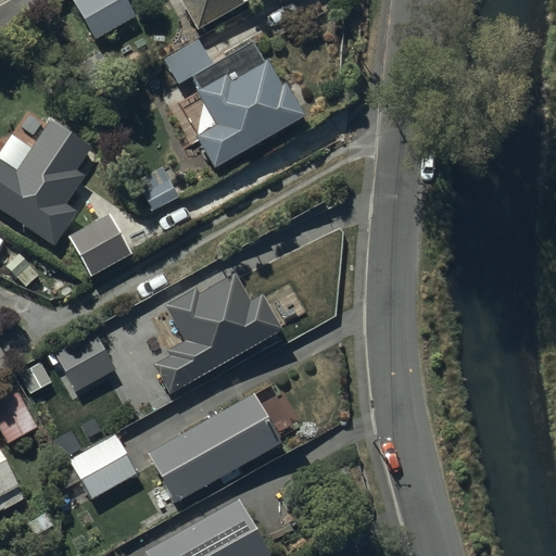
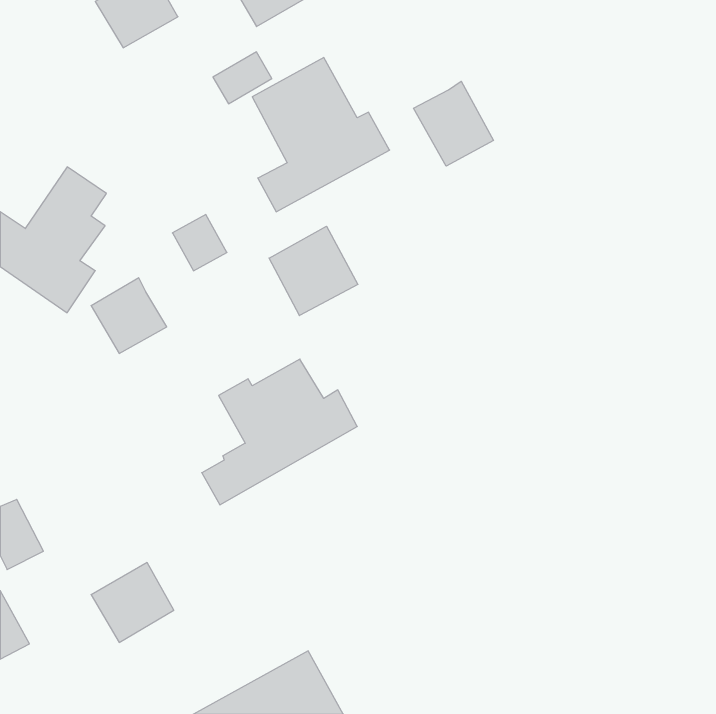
building: none -> [414,81,493,166]
building: none -> [269,226,358,316]
building: [58,336,114,391] -> none
building: [151,397,277,500] -> none

